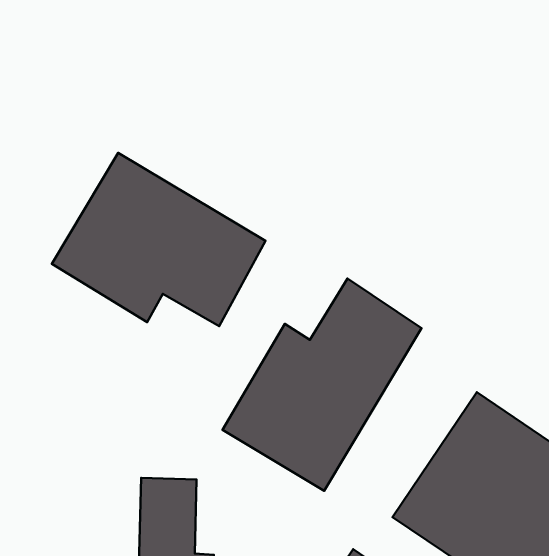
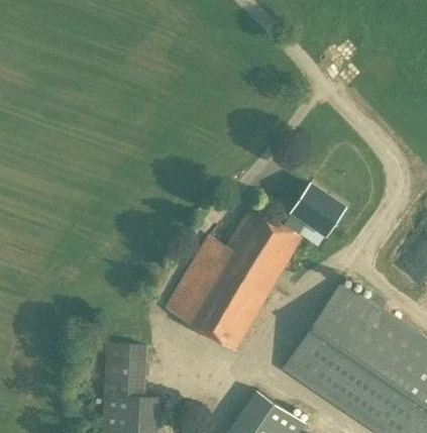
building: [52,153,266,326] -> none
building: none -> [294,186,344,234]

